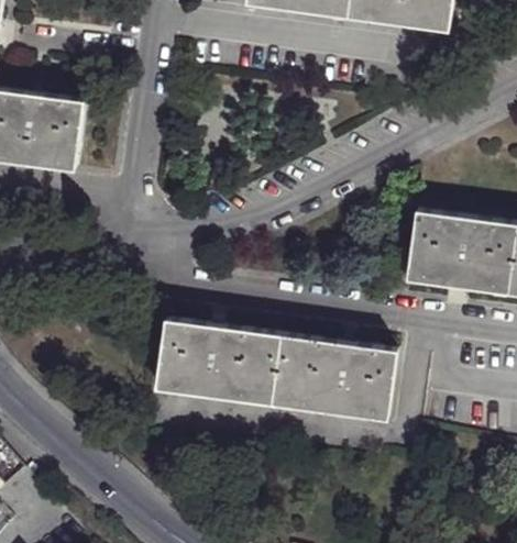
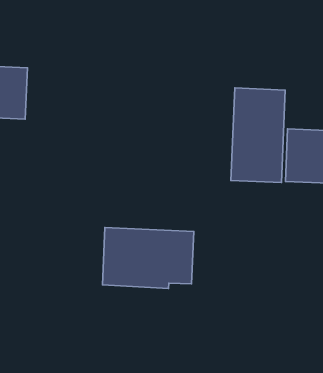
building: none -> [231,88,285,183]
building: [272,334,396,425] -> none

